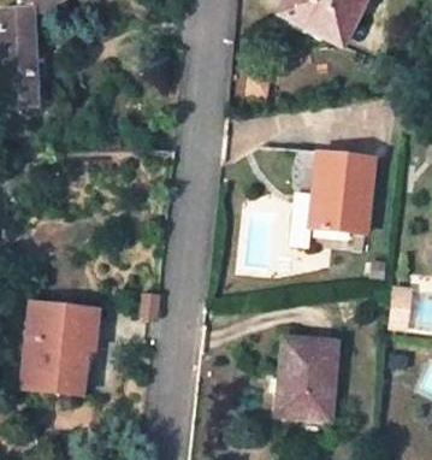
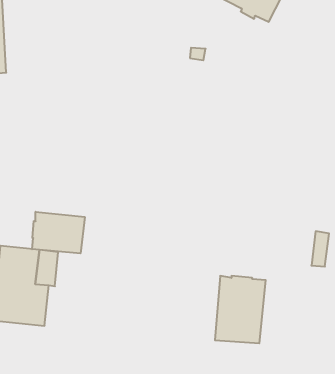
building: [312,153,374,232] -> none
building: none -> [32,212,85,253]

